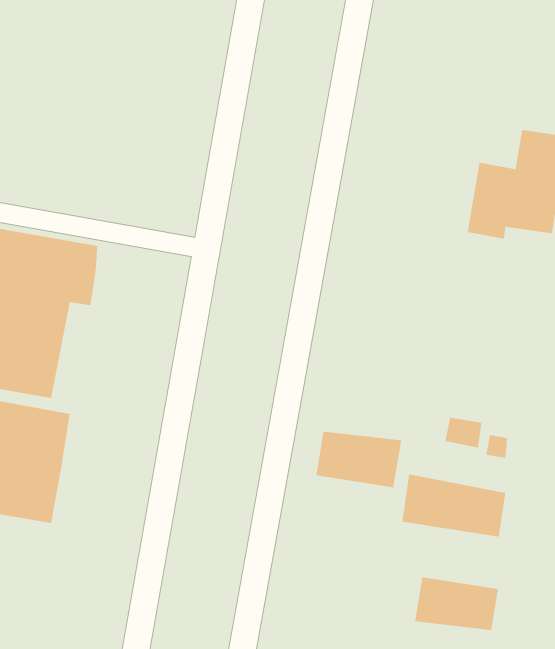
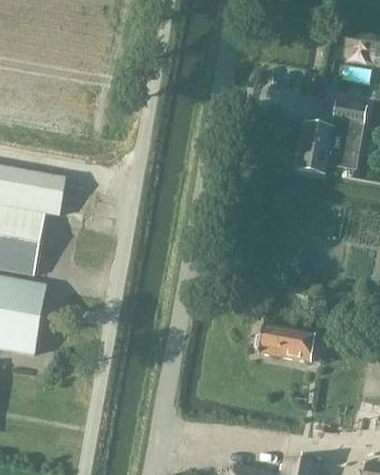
building: [316,431,402,488] -> none
building: [414,577,498,631] -> none

